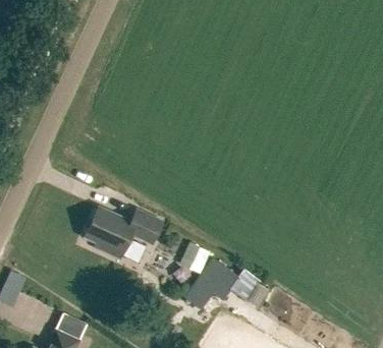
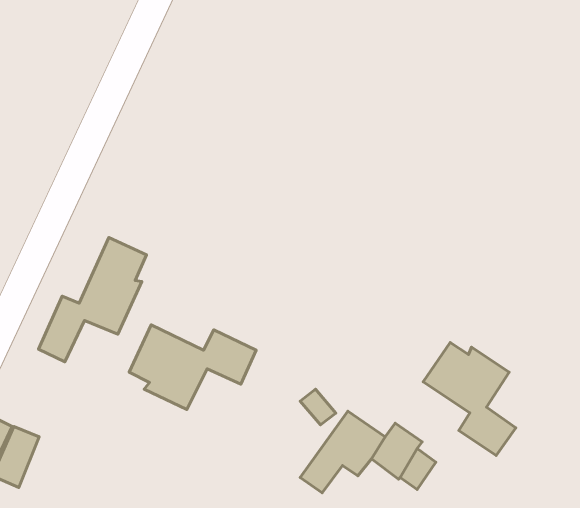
building: none -> [38,237,146,362]
building: none -> [423,342,516,455]

